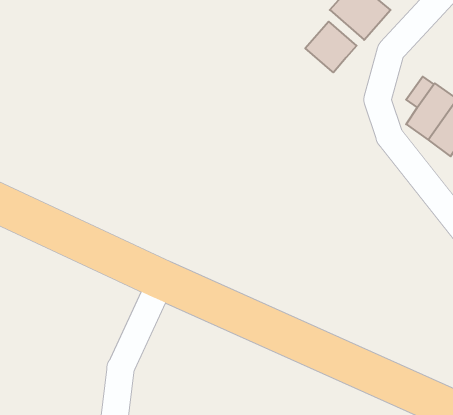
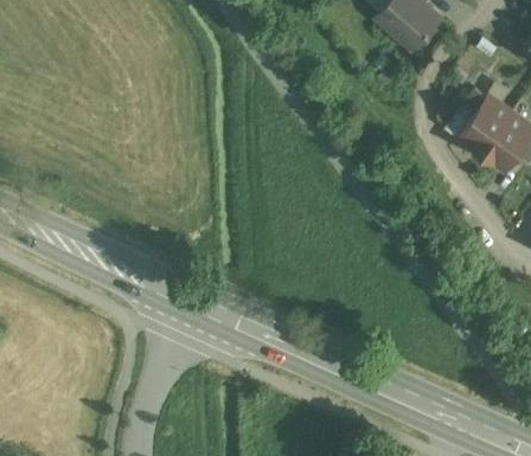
building: [305,22,357,72] -> none

